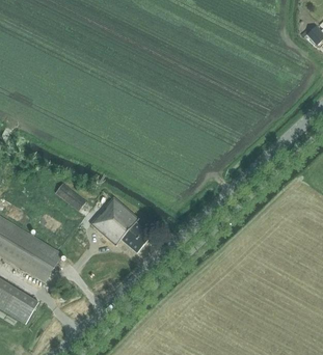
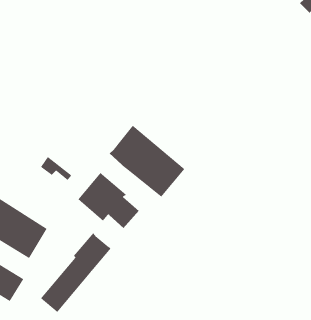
building: none -> [109,125,185,197]
building: none -> [40,233,111,313]

